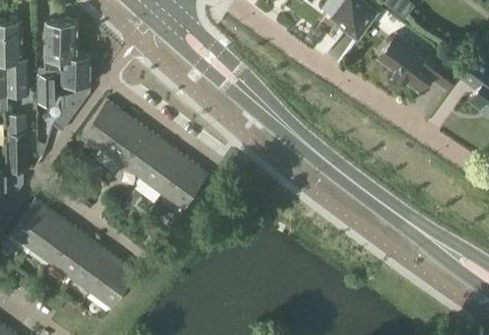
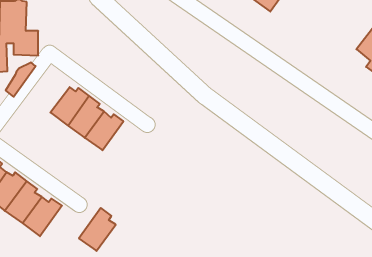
building: [376,32,460,90] -> none
building: [83,103,126,151] -> none
building: [163,161,205,210] -> none
building: [91,259,134,309] -> [79,208,116,251]

